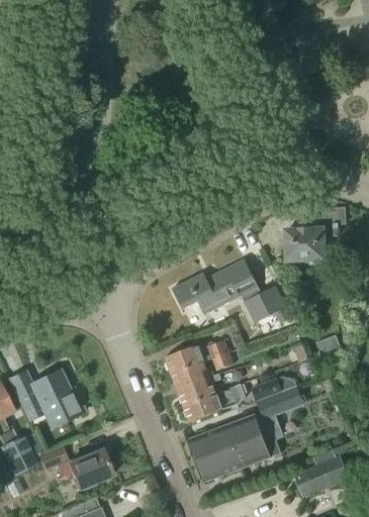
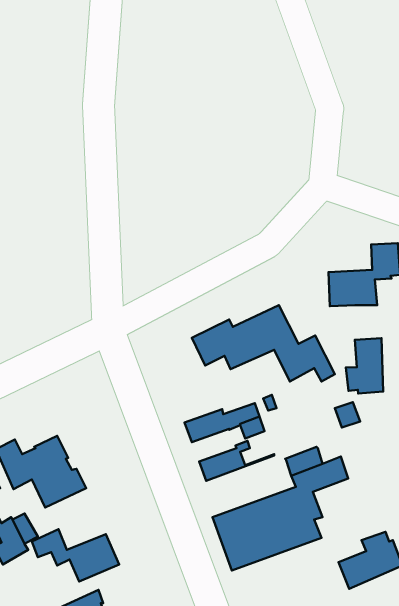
building: none -> [346,338,383,393]
building: [172,361,209,389] -> none
building: [184,384,245,422] -> none

